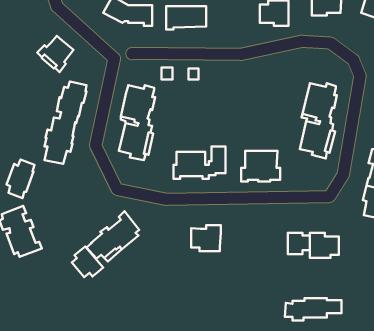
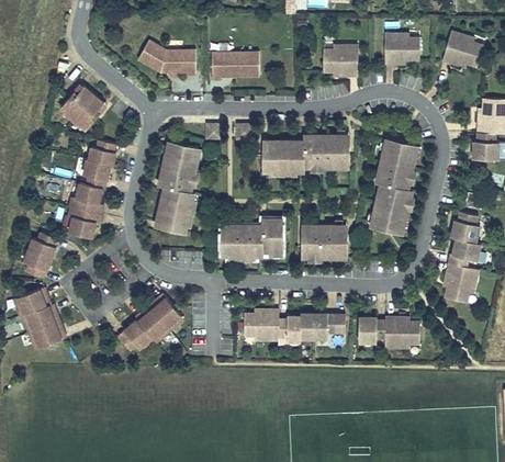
building: none -> [262,134,349,172]
building: [72,246,103,277] -> none
building: [285,298,342,320] -> [276,314,343,340]

